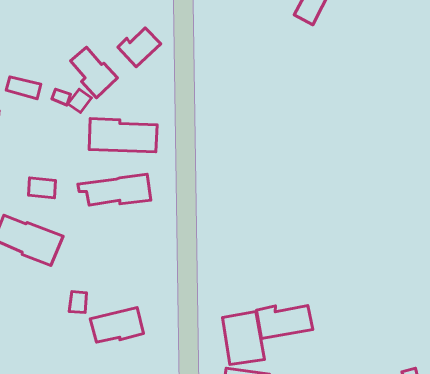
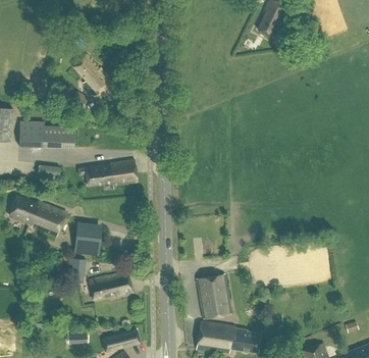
building: [118,28,161,67] -> none
building: [89,119,157,152] -> [18,119,74,147]
building: none -> [73,227,100,255]
building: [256,305,313,339] -> none

